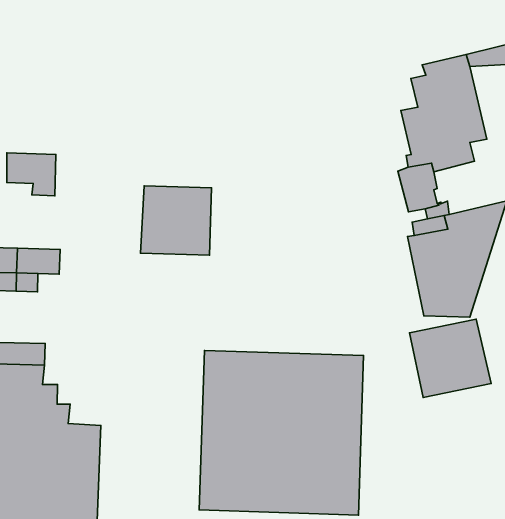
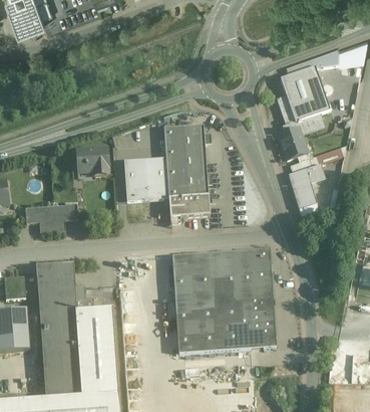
building: none -> [163,126,210,219]
building: [7,153,56,196] -> [76,150,108,176]
building: [410,319,491,398] -> none

